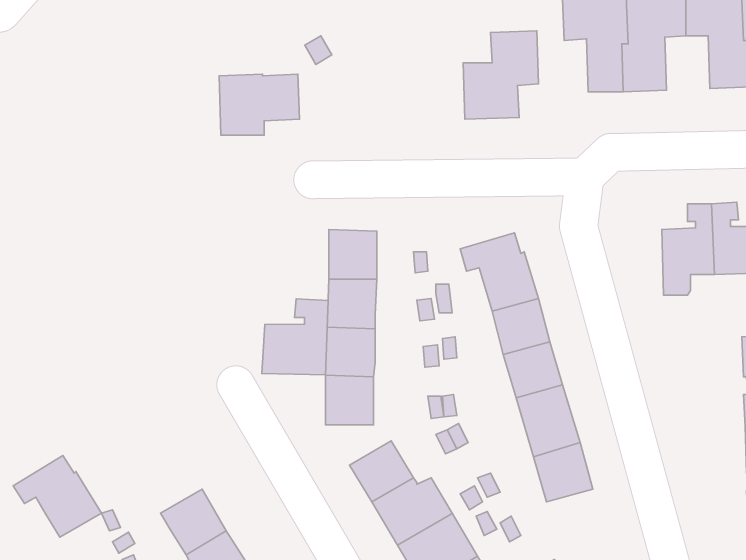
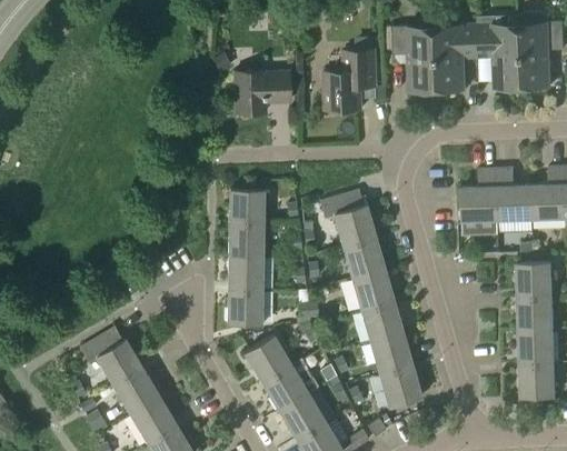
building: [219,74,299,135] -> [235,72,290,114]
building: [262,299,328,375] -> none
building: [13,455,101,537] -> [81,329,142,385]
building: none -> [381,369,422,408]

